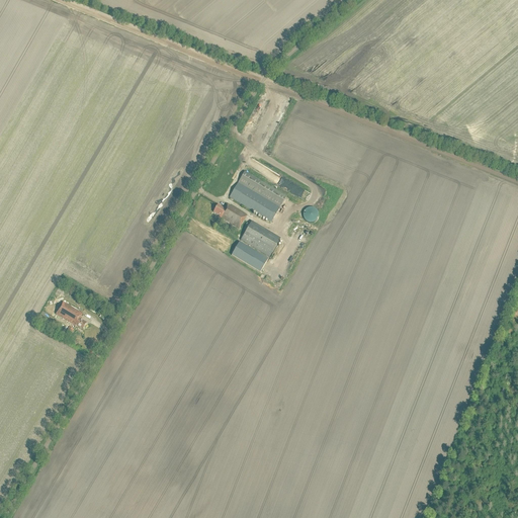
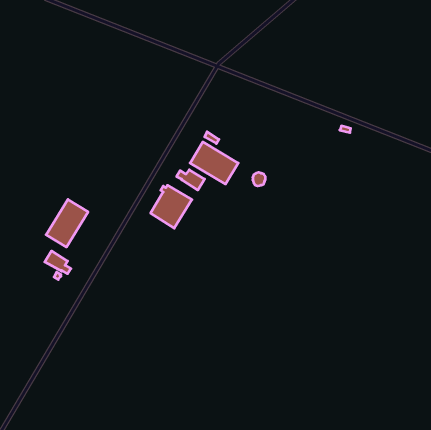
building: [231,221,280,272] -> [151,185,192,228]
building: none -> [46,199,88,247]

